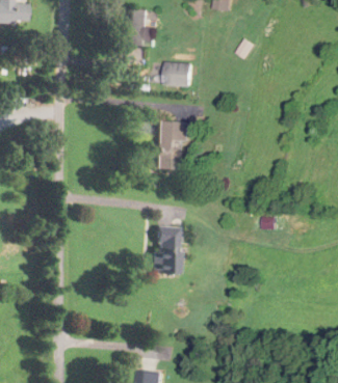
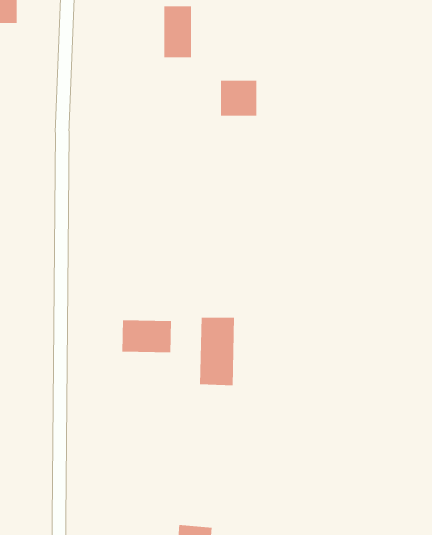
building: [156,120,196,170] -> none
building: none -> [122,319,171,353]

